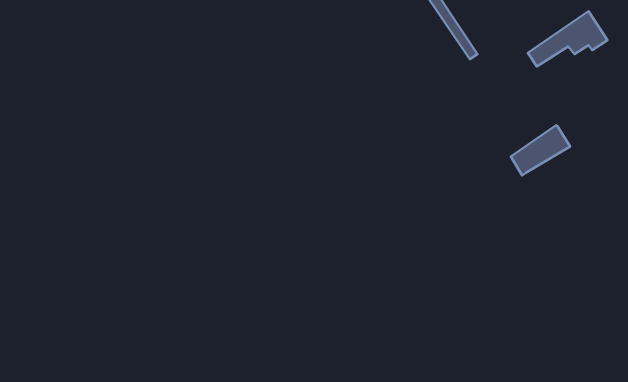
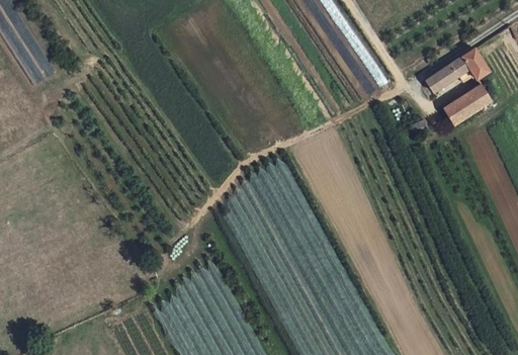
building: [511,125,570,176] -> [444,84,492,124]

